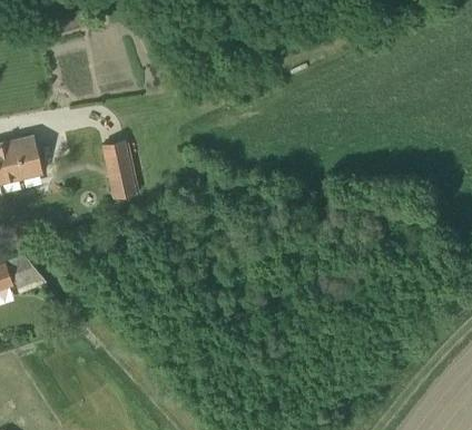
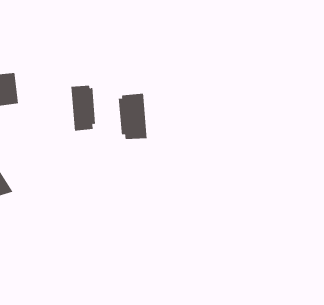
building: none -> [118,93,147,140]

